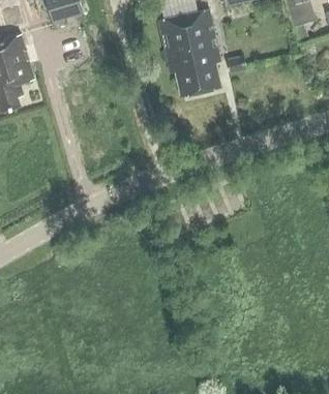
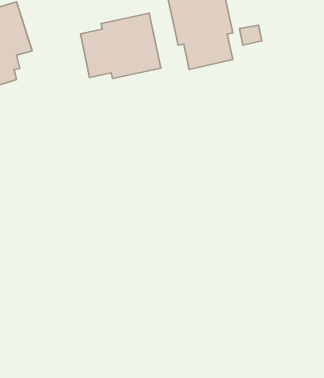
building: none -> [80,13,161,78]

